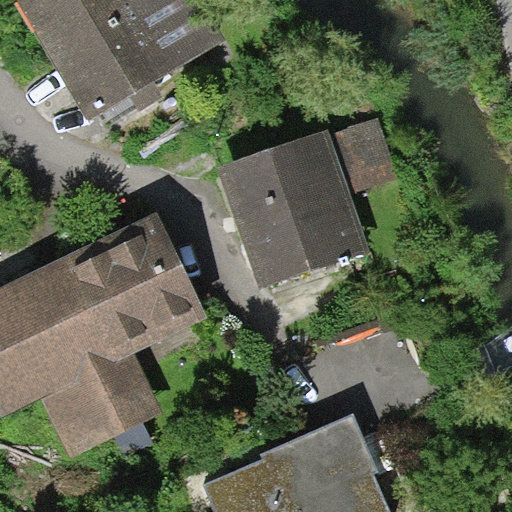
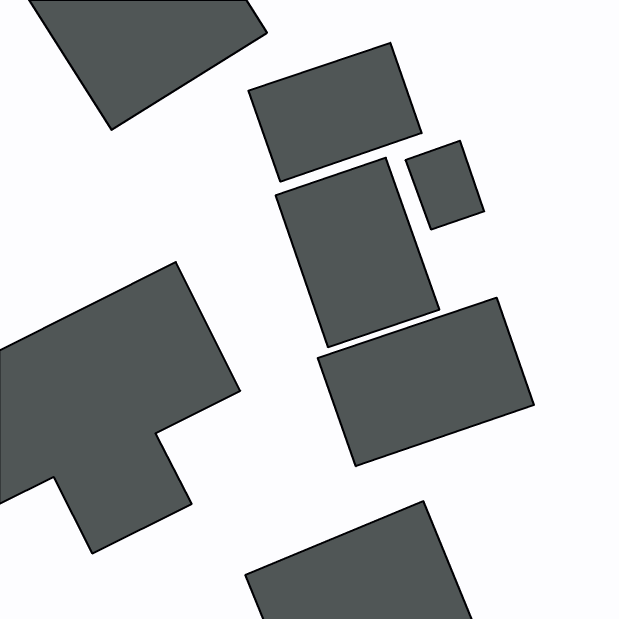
building: none -> [248,43,422,182]
building: none -> [318,298,534,466]

